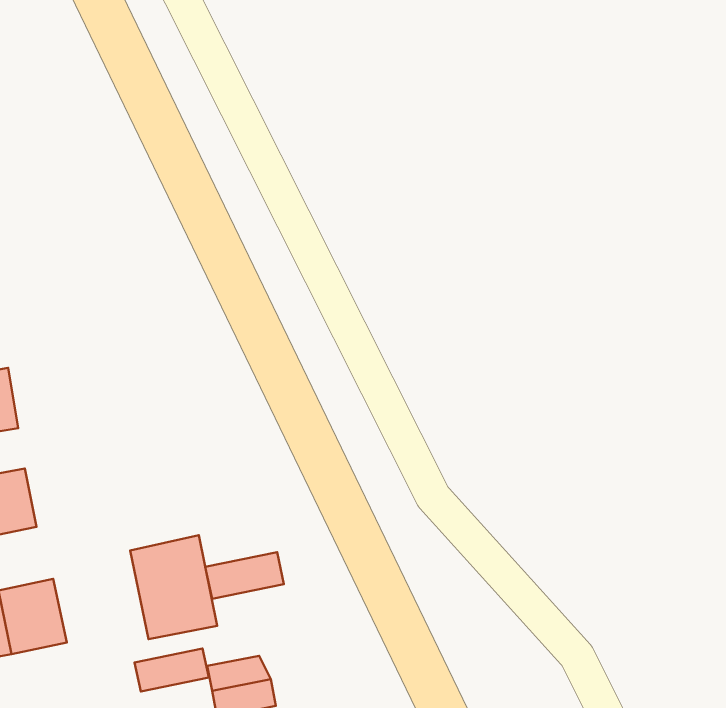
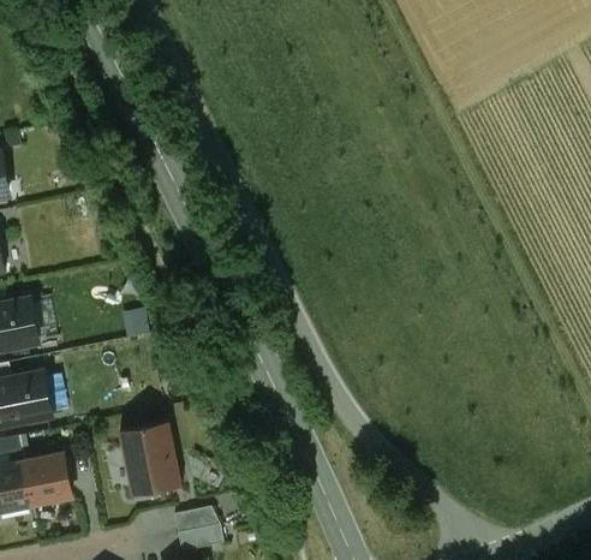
building: [205,552,284,599] -> none
building: [134,649,209,691] -> none

